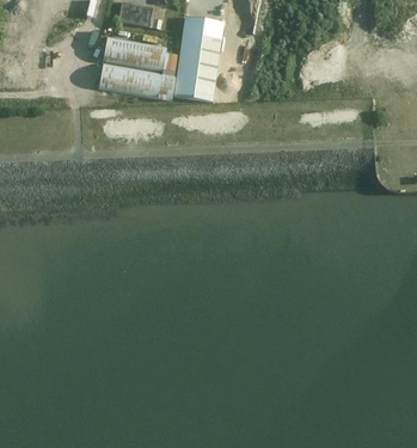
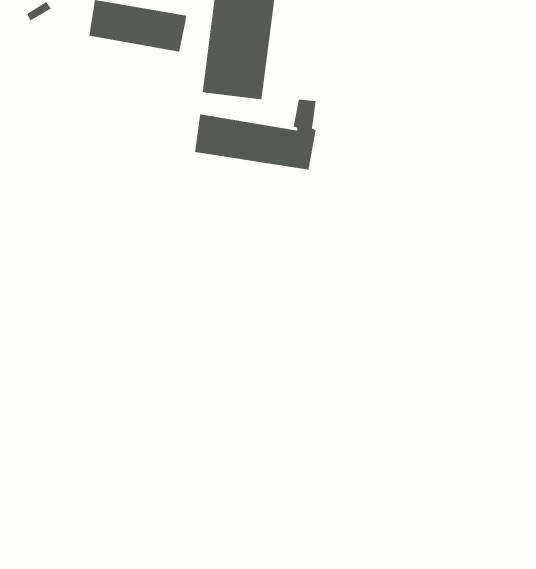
building: [96,51,176,98] -> [194,99,317,170]

